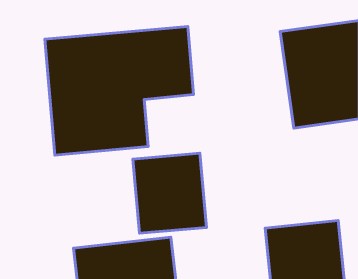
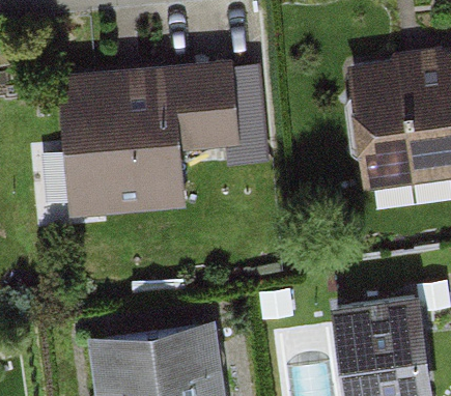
building: [133,153,206,233] -> none

